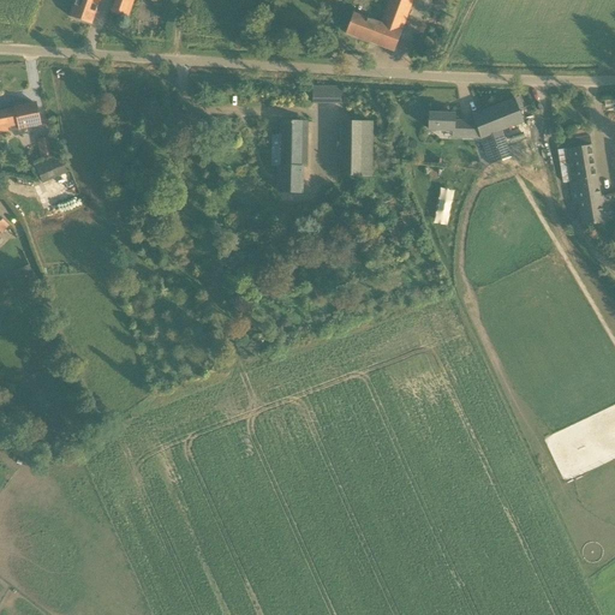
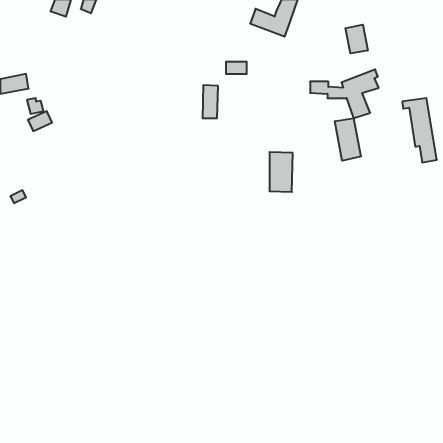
building: none -> [346,25,368,53]
building: [341,120,374,175] -> [269,152,293,192]
building: [280,163,303,190] -> none
building: none -> [335,118,361,161]

